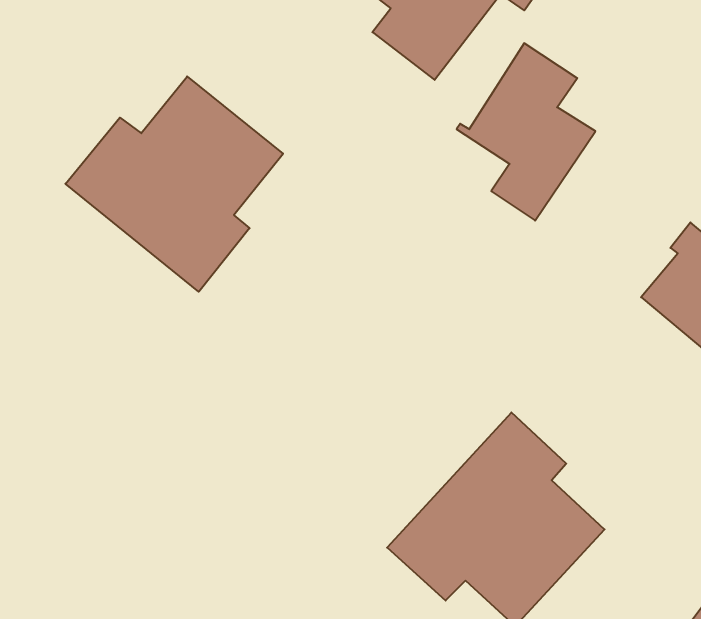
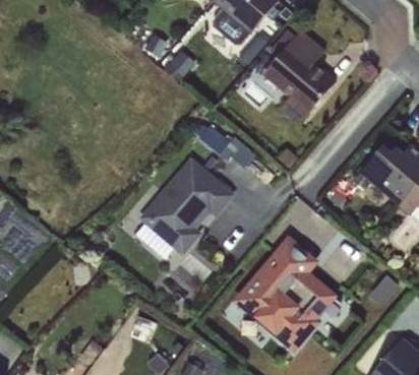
building: [65,76,283,292] -> none
building: none -> [130,155,236,259]

